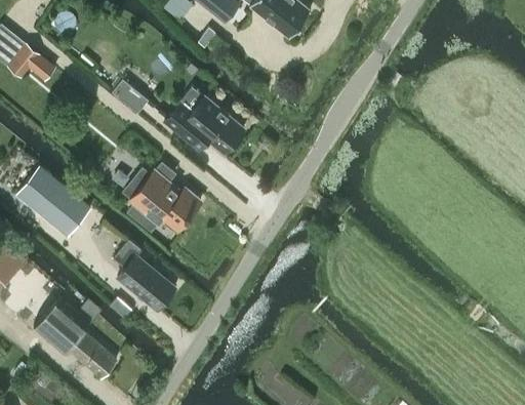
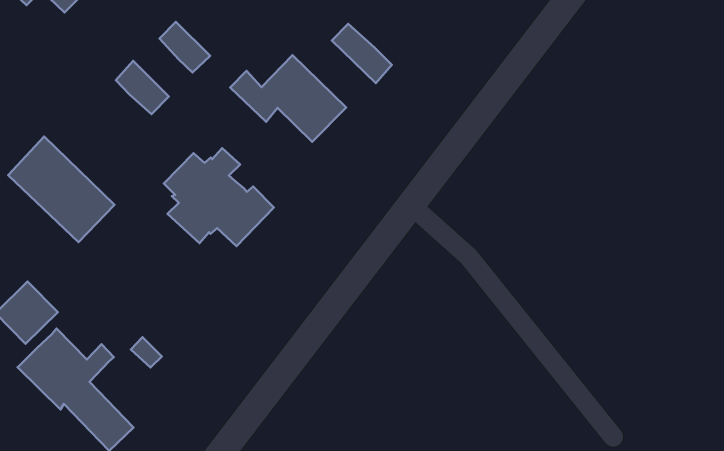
building: none -> [332,24,392,83]
building: none -> [116,61,169,114]
building: [114,240,177,312] -> none

